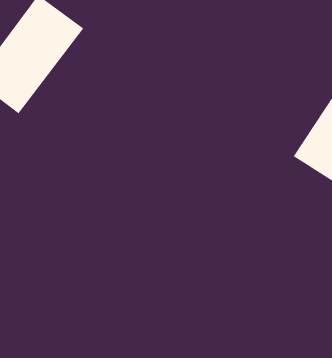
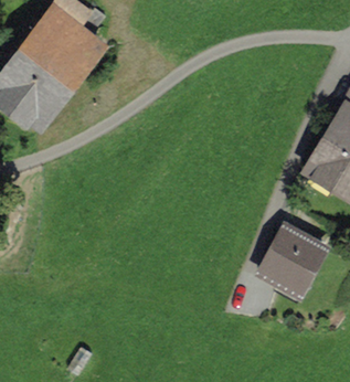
building: none -> [263,233,321,294]

